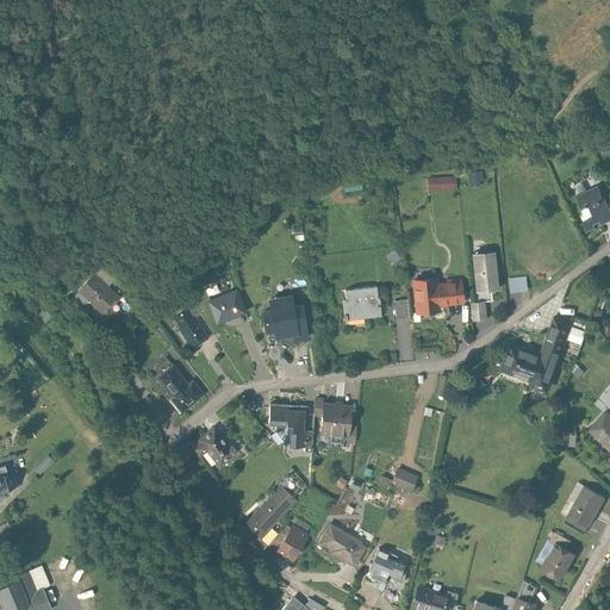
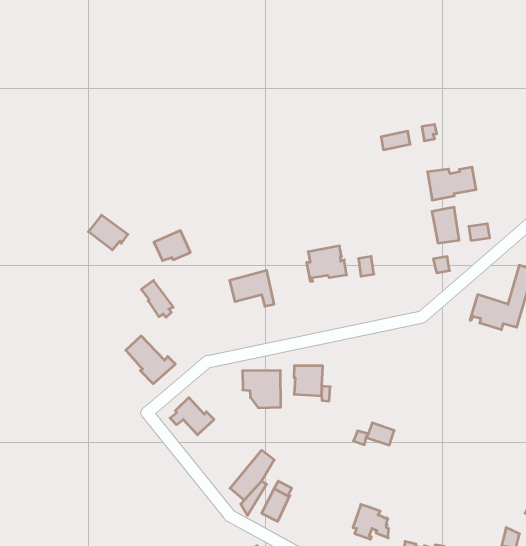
building: [80,274,119,310] -> [88,215,128,250]
building: [413,281,461,311] -> [427,167,476,200]
building: [208,292,244,320] -> [154,231,190,261]
building: [319,524,365,566] -> none

